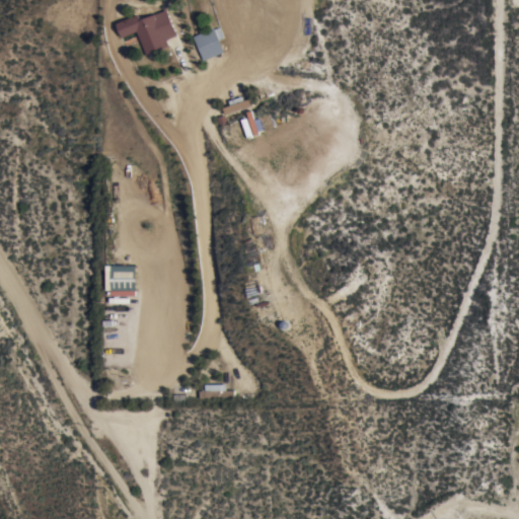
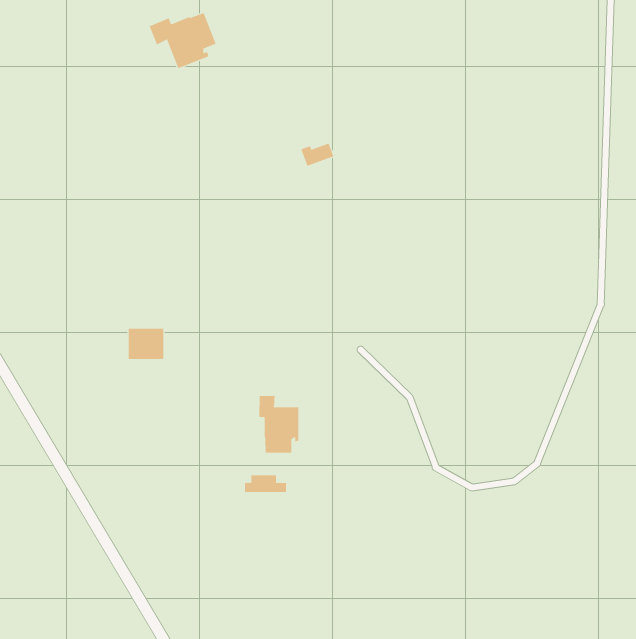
building: [191,29,222,62] -> none
building: none -> [259,395,299,453]

